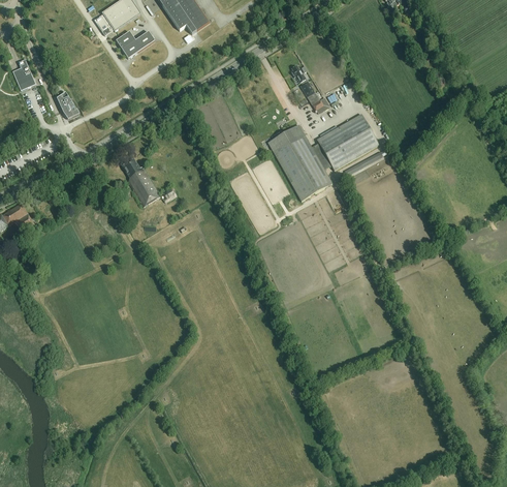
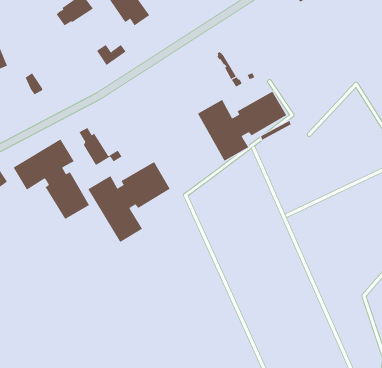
building: [116,30,153,57] -> [96,44,126,66]
building: none -> [13,138,90,220]
building: none -> [88,161,171,243]

